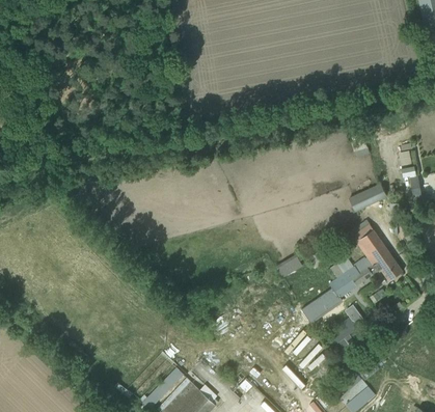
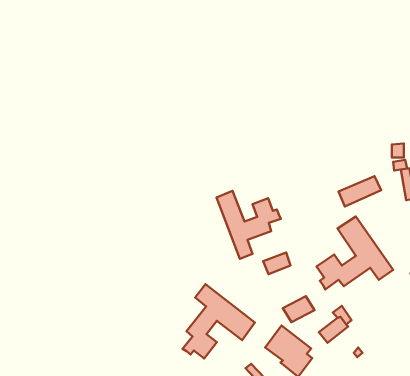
building: none -> [216,191,281,259]
building: none -> [182,284,255,358]

